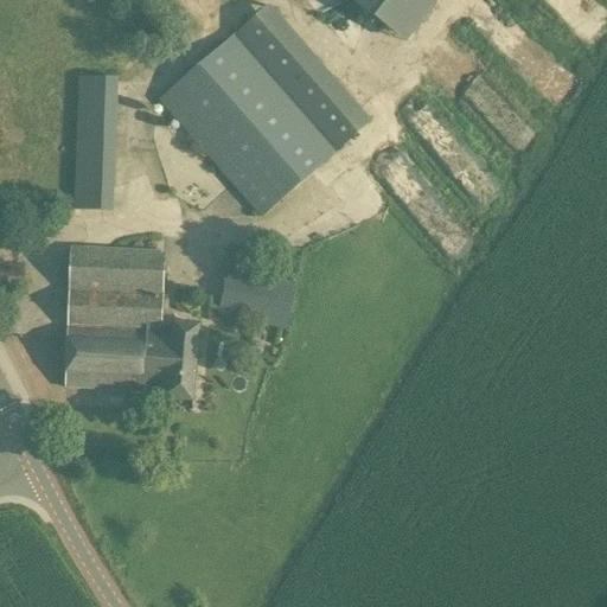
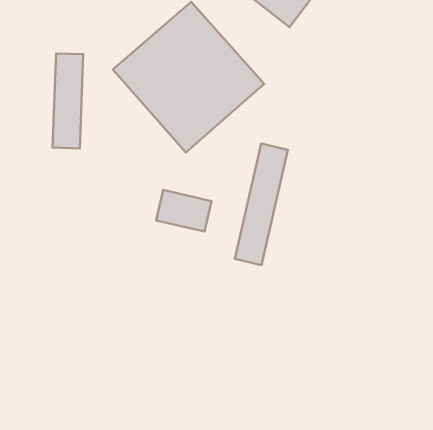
building: none -> [235,143,288,265]
building: [66,245,198,397] -> none

